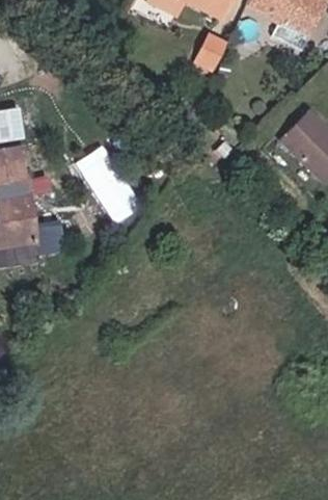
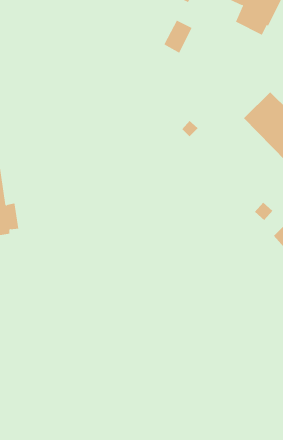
building: [80,141,147,223] -> none

